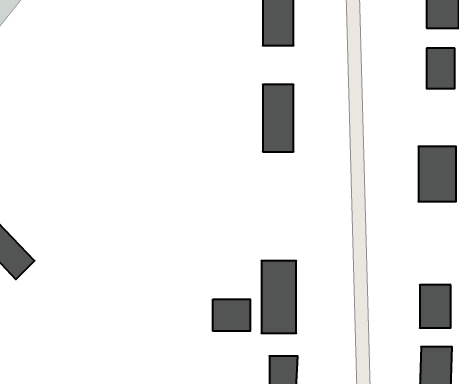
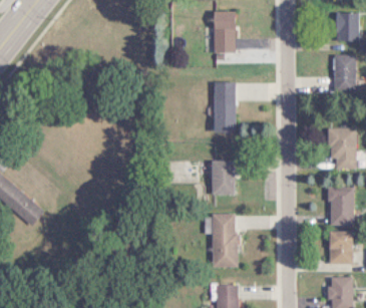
building: none -> [212,161,235,195]
building: none -> [329,187,354,225]
building: [213,299,250,331] -> none

